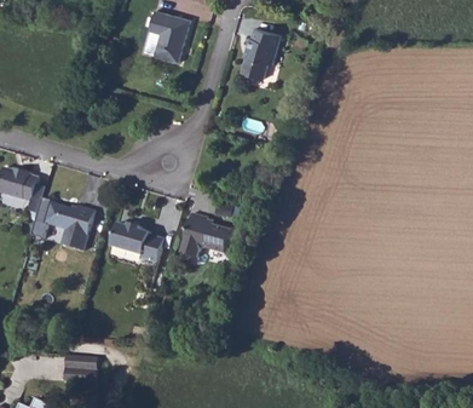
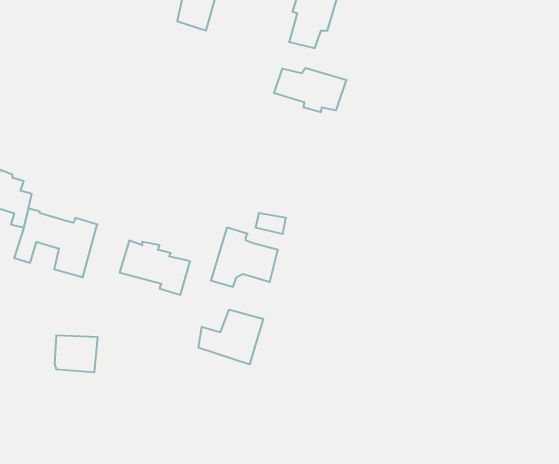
building: none -> [274,68,346,112]
building: none -> [199,310,263,364]
building: [65,355,98,383] -> [55,335,98,372]

